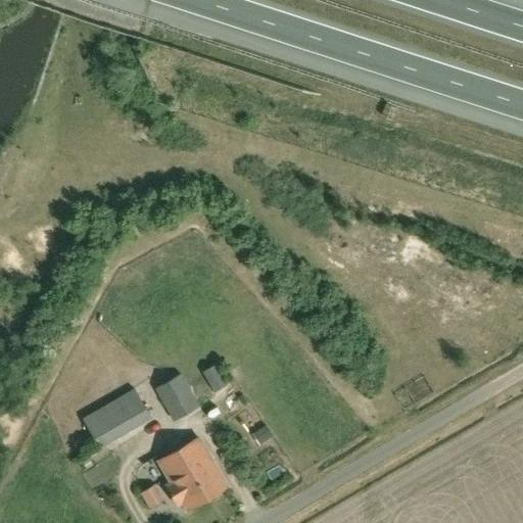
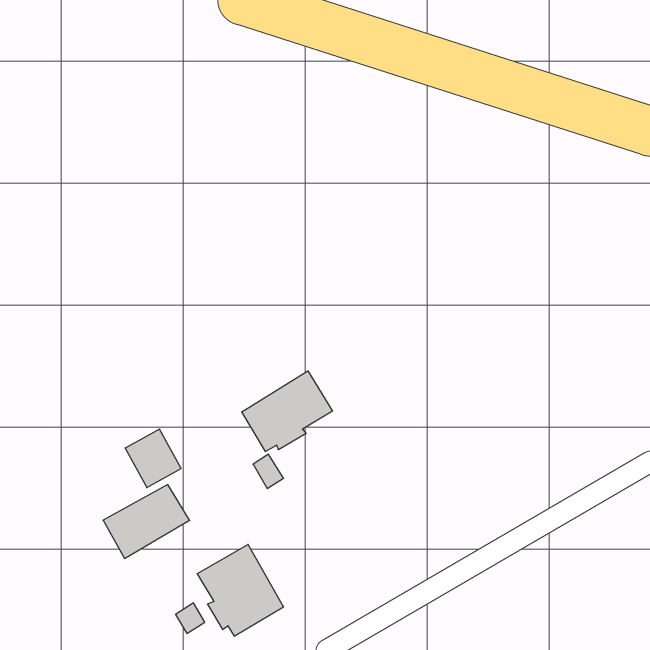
building: none -> [242,371,333,452]
building: [155,374,200,421] -> [125,429,181,488]

